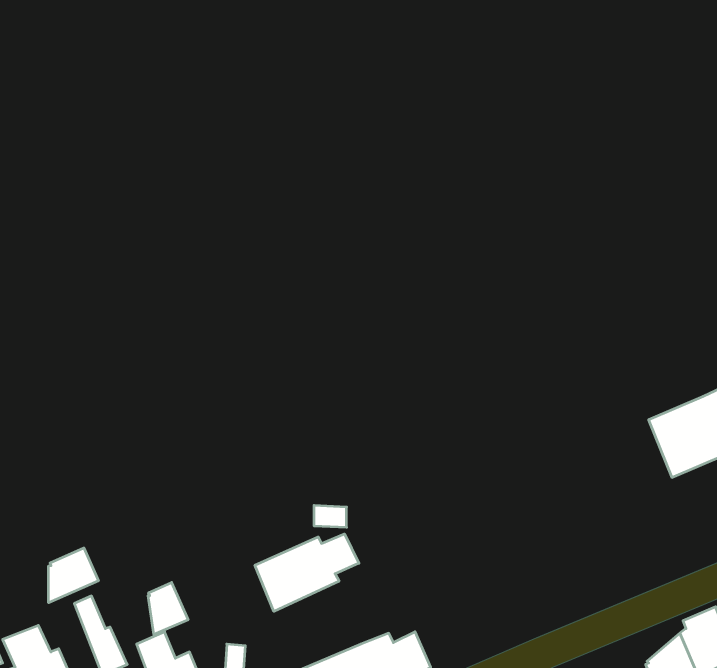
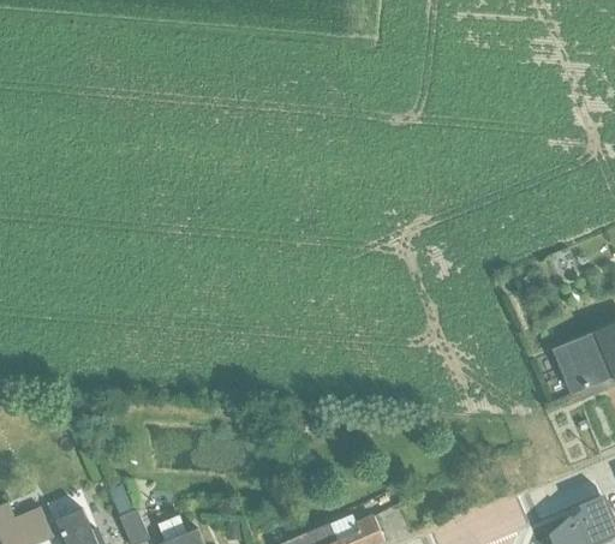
building: [255,534,359,611] -> none
building: [49,548,98,603] -> none
building: [148,582,188,635] -> none

